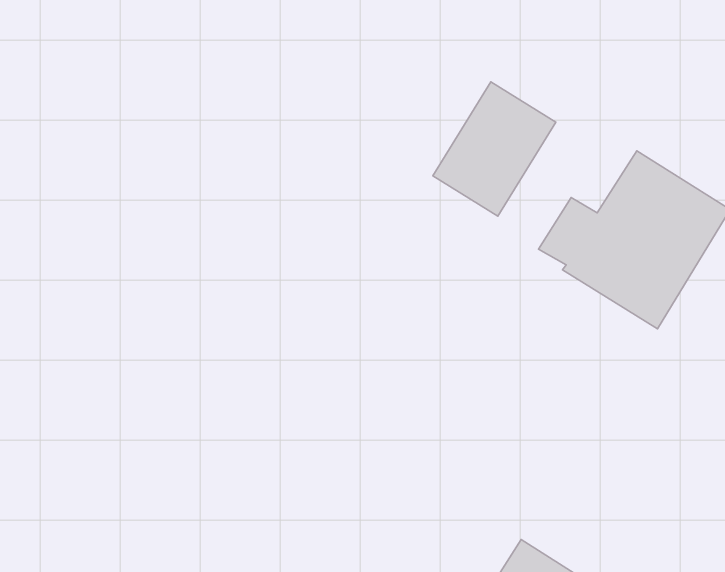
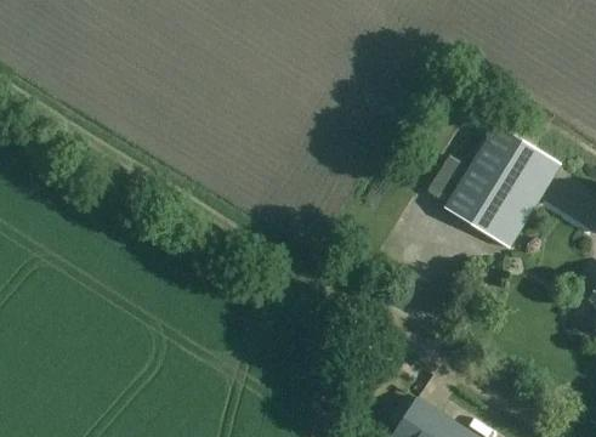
building: [433,82,556,216] -> none

